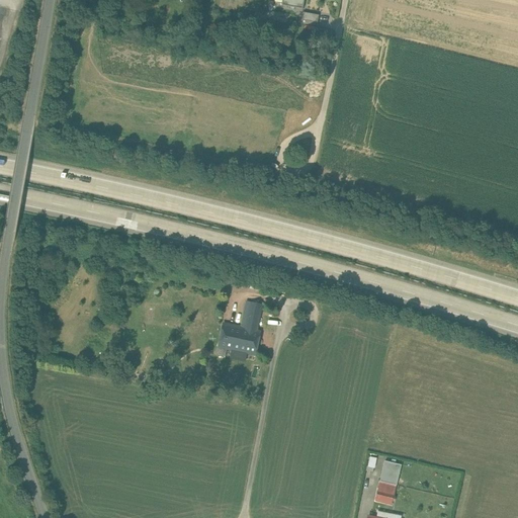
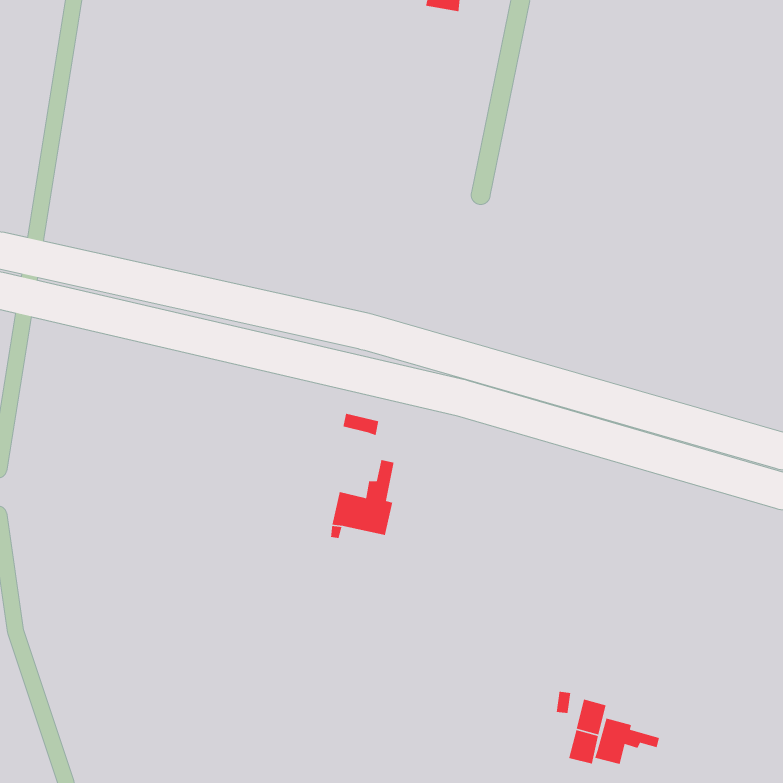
building: none -> [594,718,660,765]

